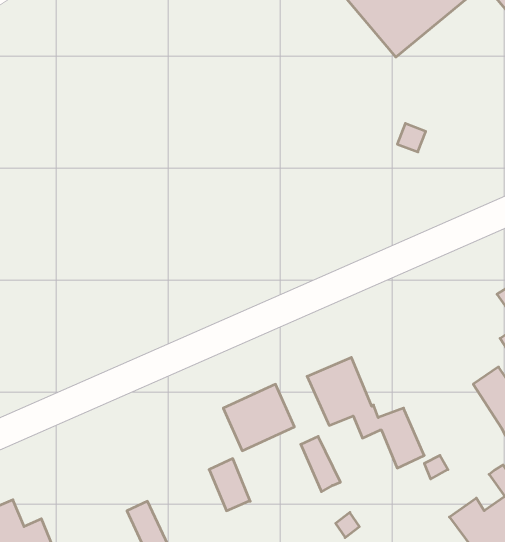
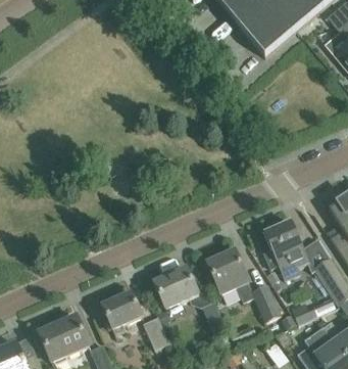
building: none -> [263,221,308,279]
building: none -> [101,291,142,329]
building: none -> [39,315,90,362]

